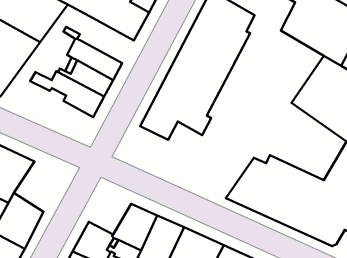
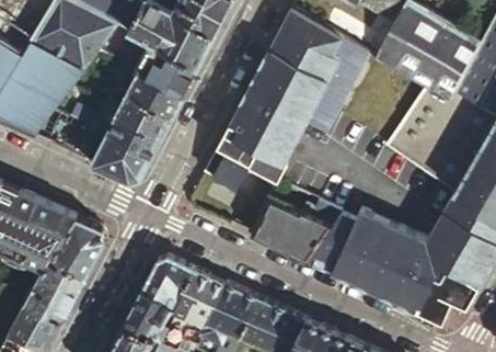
building: none -> [304,38,376,139]
building: none -> [135,39,197,96]
building: none -> [88,127,148,180]
building: none -> [255,201,343,261]
building: none -> [51,216,107,277]
building: none -> [142,256,194,305]

